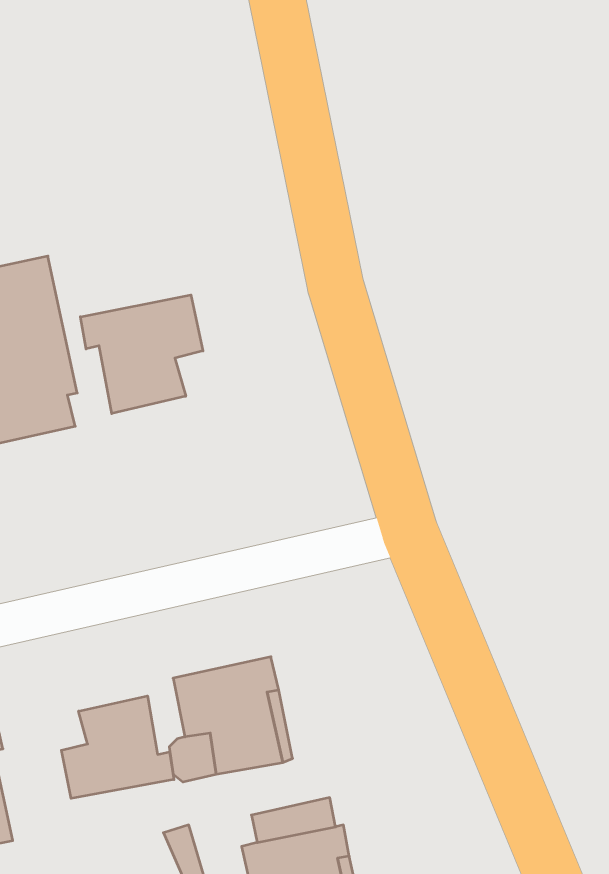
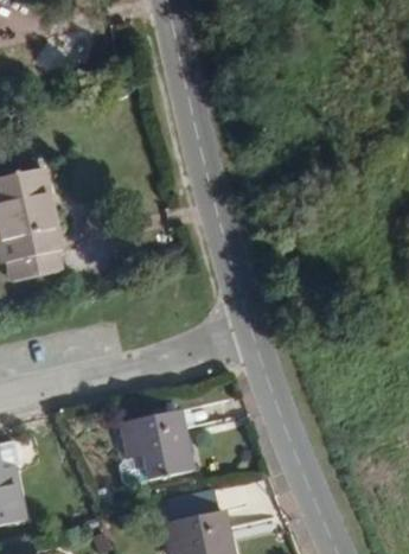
building: [80,295,203,414] -> none
building: [61,696,174,798] -> none

